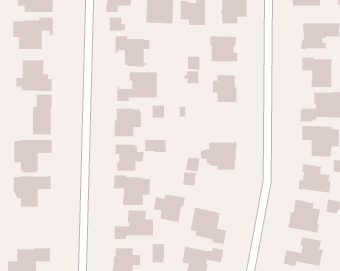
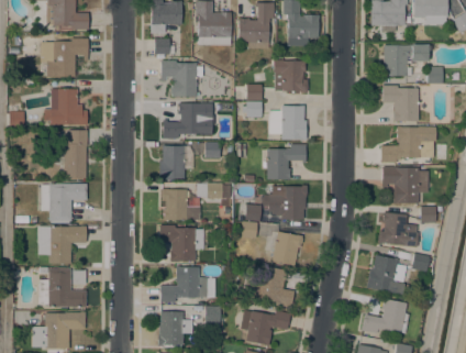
building: none -> [267,143,307,179]
building: [153,194,186,223] -> [265,231,303,265]
building: none -> [40,268,87,307]

